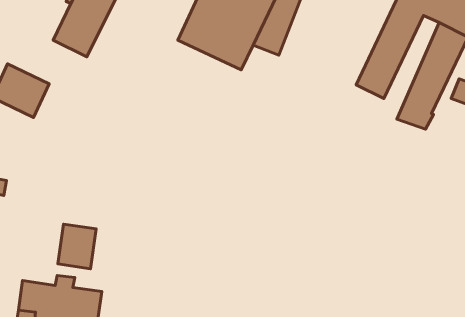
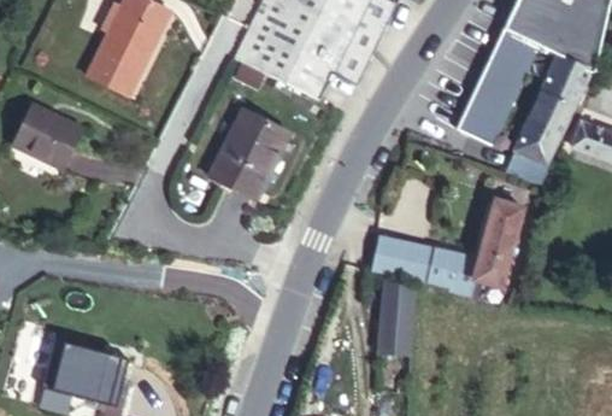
building: none -> [212,122,294,216]
building: none -> [372,197,522,292]
building: none -> [378,280,414,352]
building: [58,224,96,269] -> none

